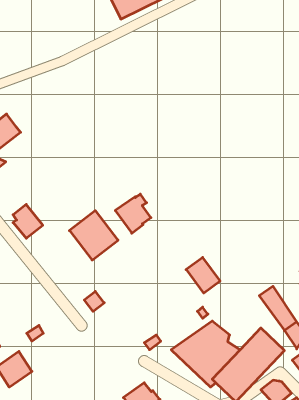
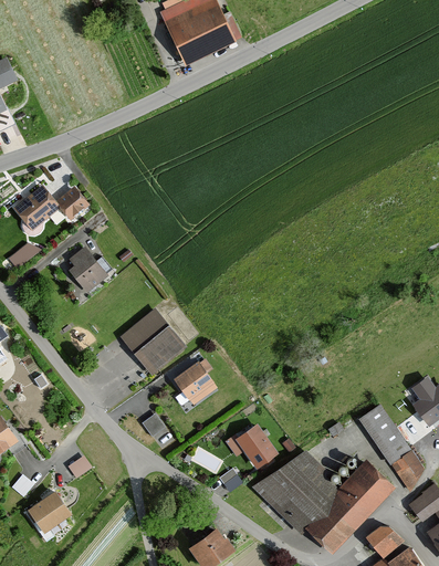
building: none -> [53,189,88,222]
building: [115,194,151,233] -> [173,358,218,408]
building: [13,204,43,238] -> [69,248,106,291]
building: [186,257,220,293] -> [233,422,276,468]

